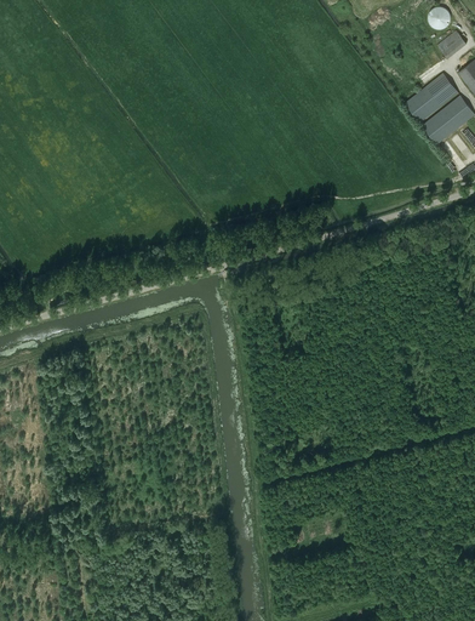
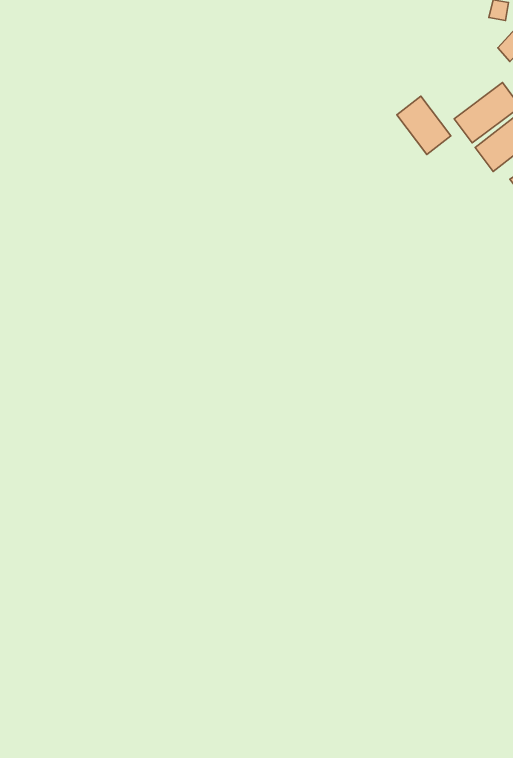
building: none -> [397,96,451,155]

